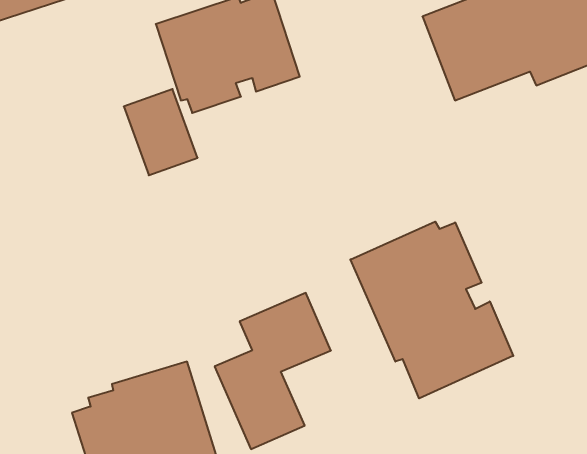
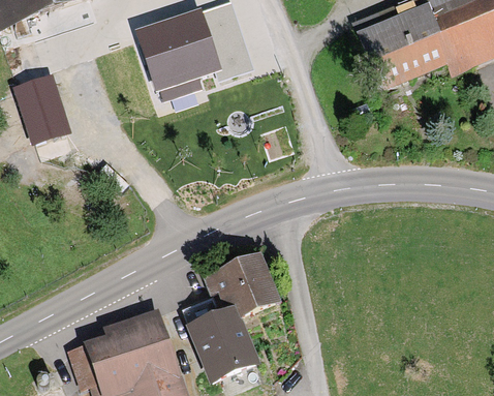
building: [124,89,198,175] -> [10,73,71,145]
building: [350,222,513,398] -> none

